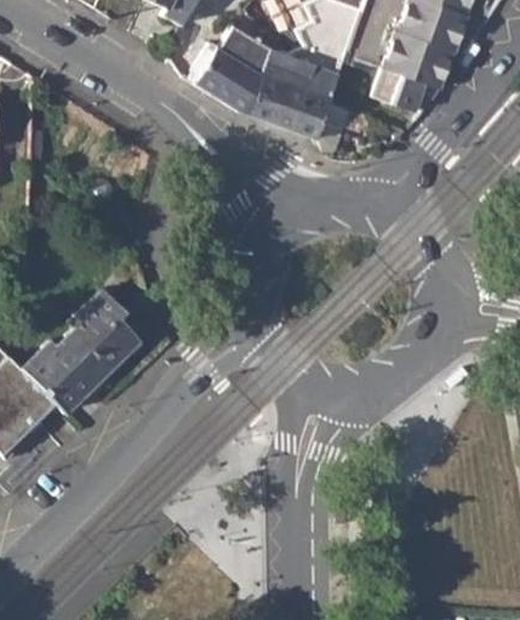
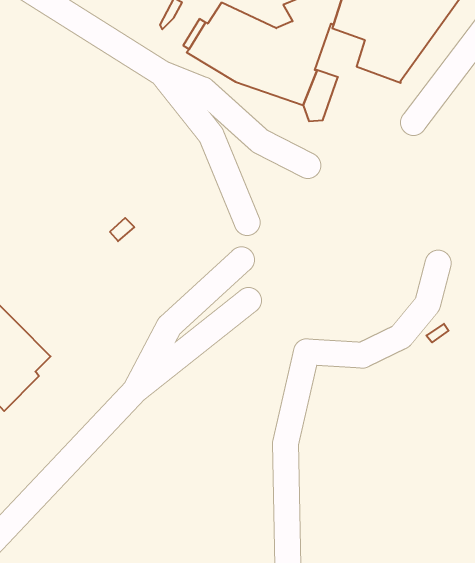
building: [19,286,139,410] -> none

